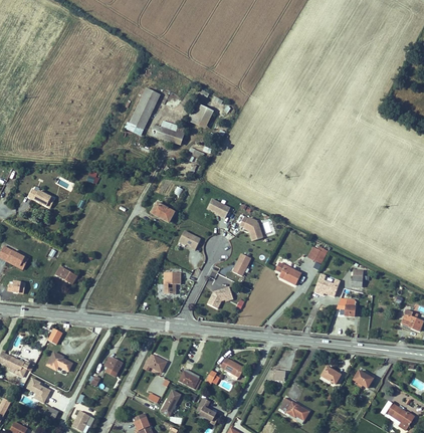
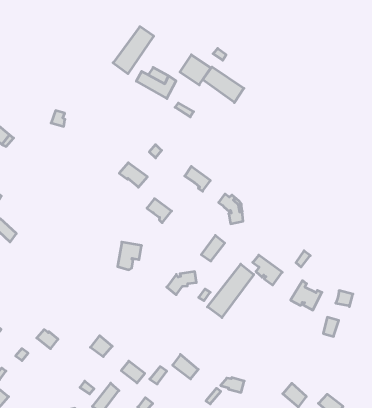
building: none -> [203,67,244,103]
building: none -> [207,264,254,318]

